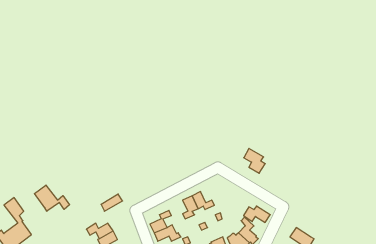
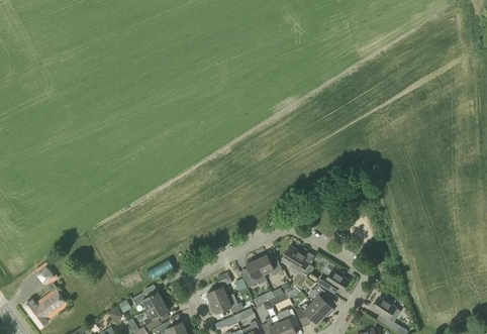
building: [244,148,265,173] -> [283,245,308,274]
building: [34,185,70,211] -> none

